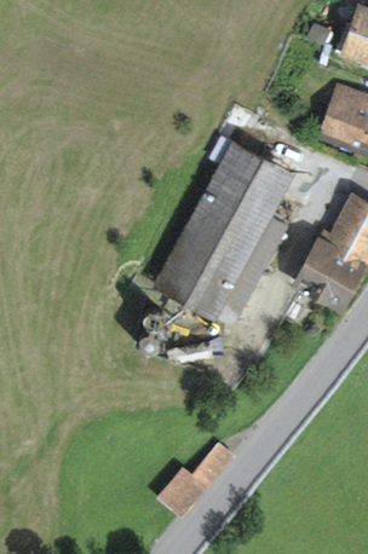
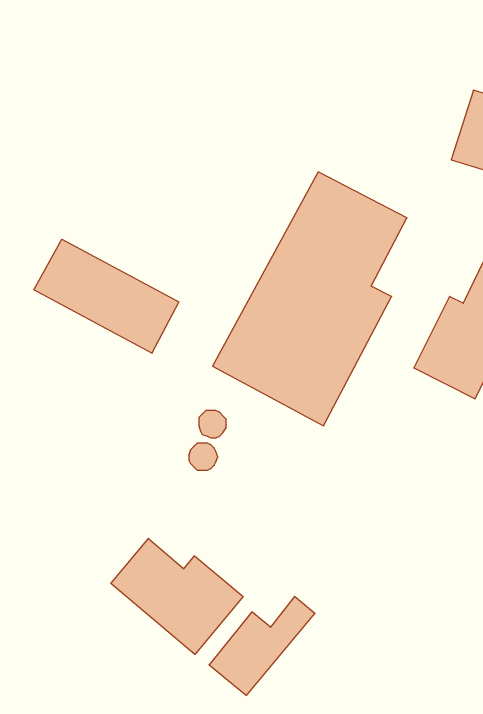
building: none -> [34,239,179,353]
building: none -> [111,538,243,654]

